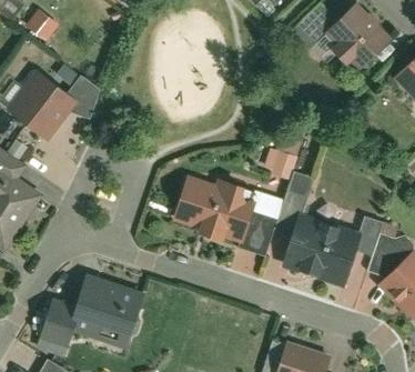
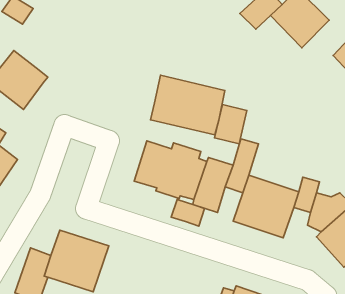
building: [64,76,99,118] -> none
building: none -> [151,75,225,135]
building: none -> [171,199,205,226]

